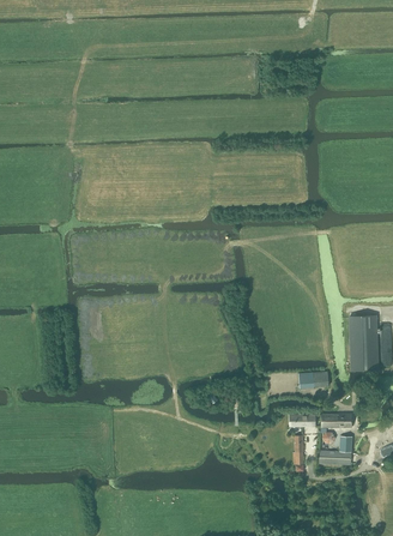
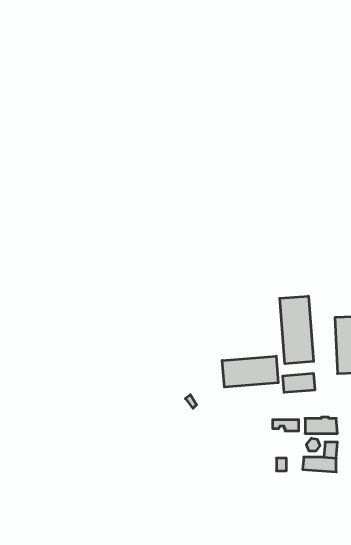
building: none -> [280,296,314,364]
building: none -> [222,356,278,387]

